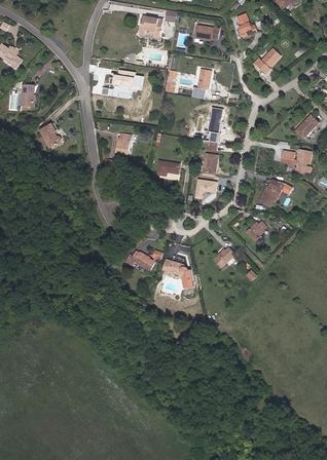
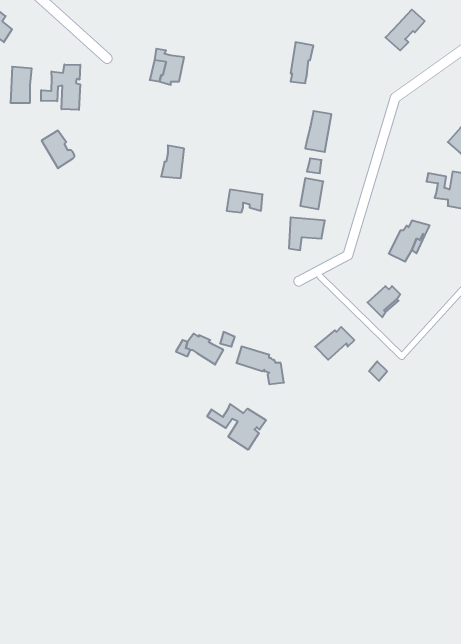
building: none -> [41,64,80,110]
building: none -> [207,404,266,450]

